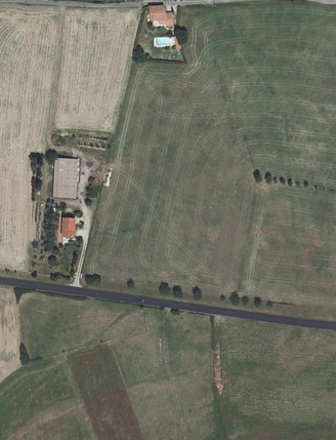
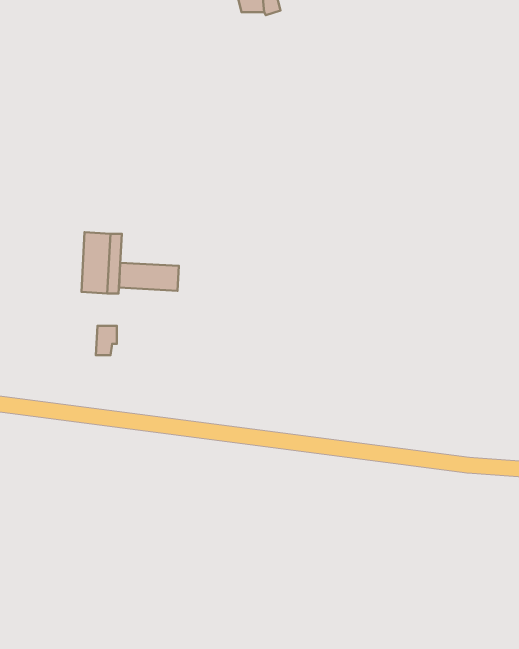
building: none -> [119,263,179,291]

